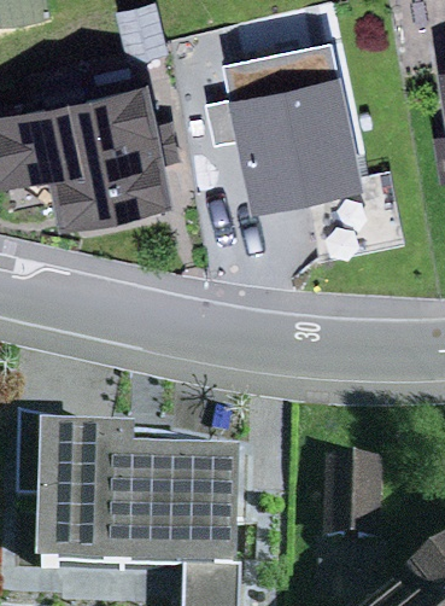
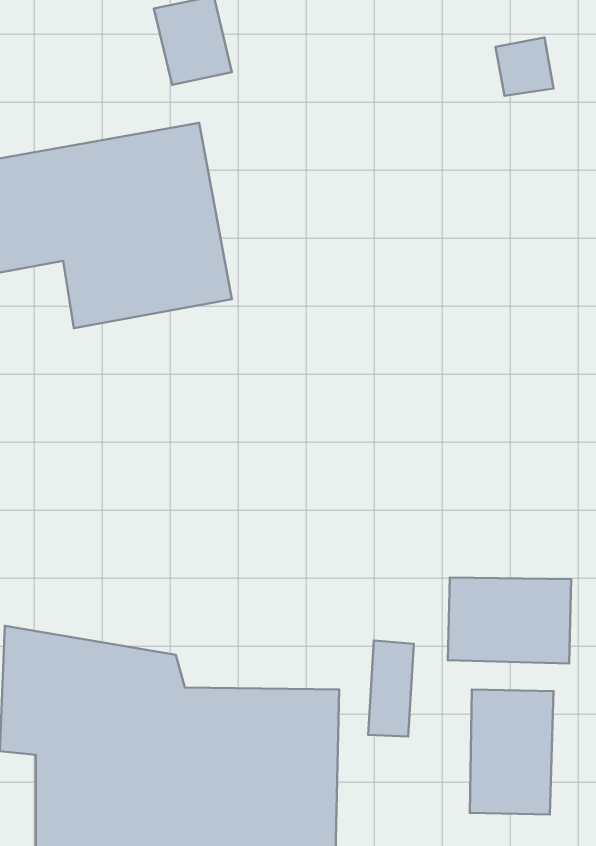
building: [228,31,362,206] -> none
building: none -> [448,578,571,664]

